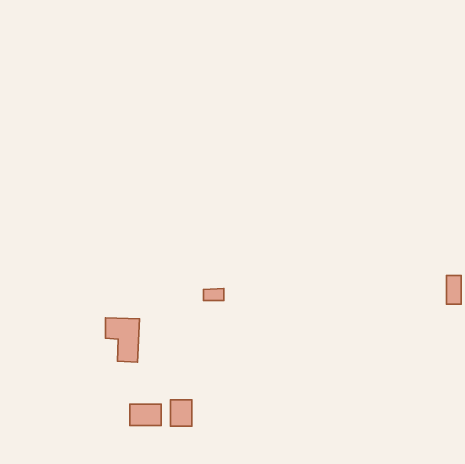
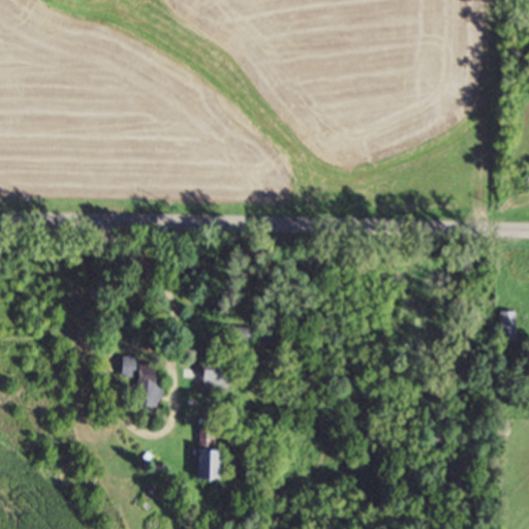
building: none -> [203,364,228,390]
building: [130,404,161,425] -> none

